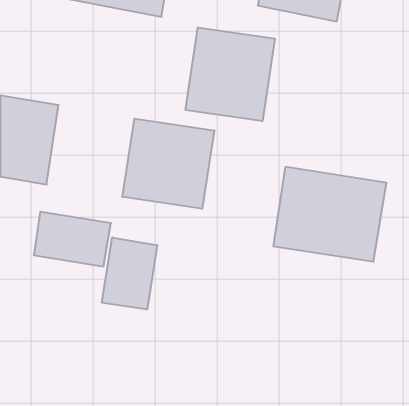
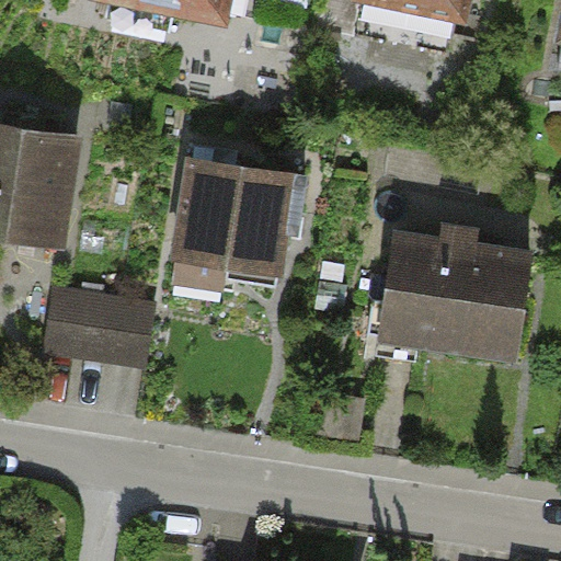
building: [186,27,275,121] -> none
building: [102,237,157,310] -> none

